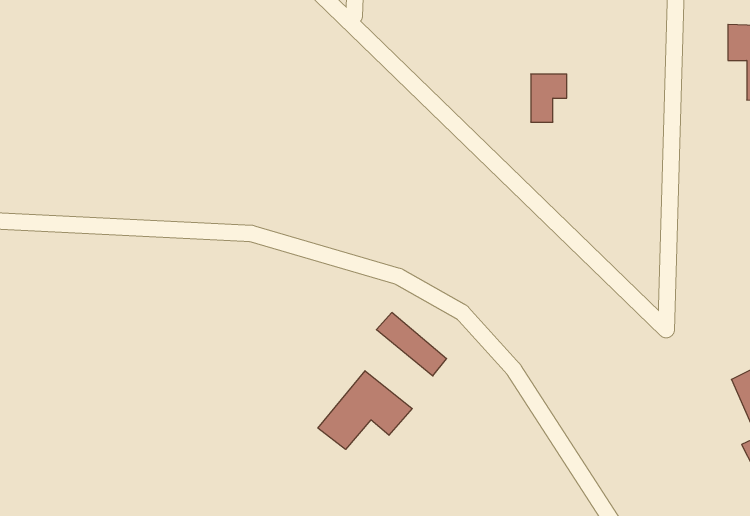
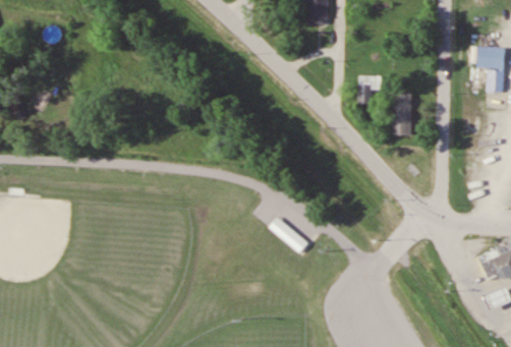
building: none -> [392,92,411,135]
building: [318,371,412,449] -> none

